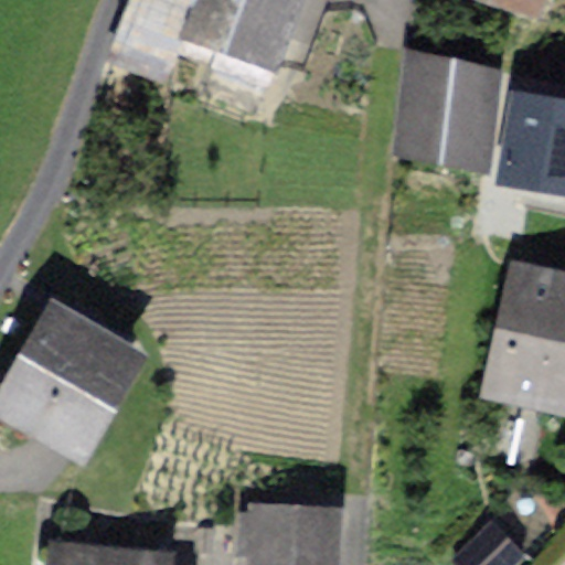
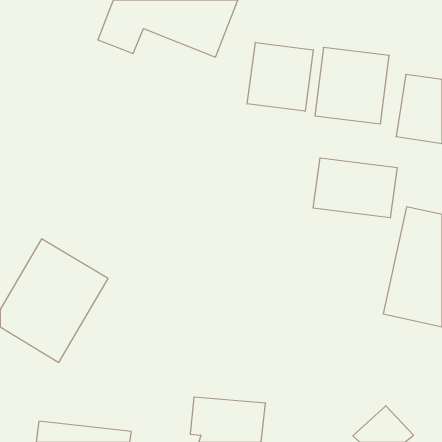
building: none -> [247,42,313,111]
building: none -> [313,158,397,218]

